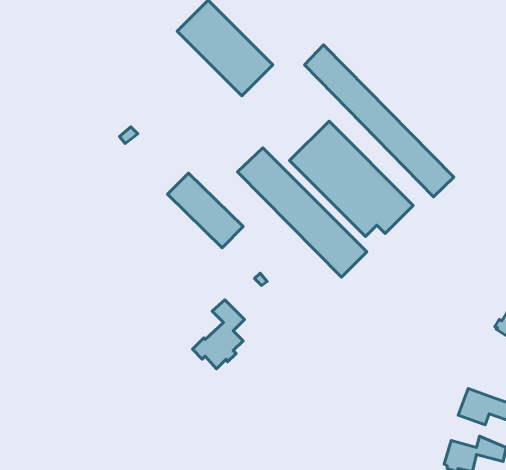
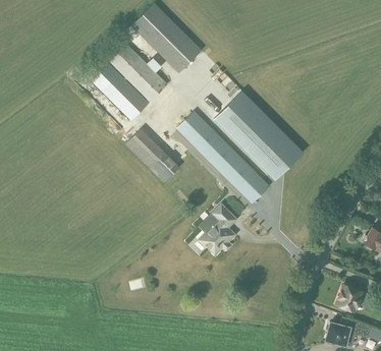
building: [304,45,454,197] -> none
building: none -> [85,38,168,121]
building: [192,300,244,369] -> [199,206,236,255]

